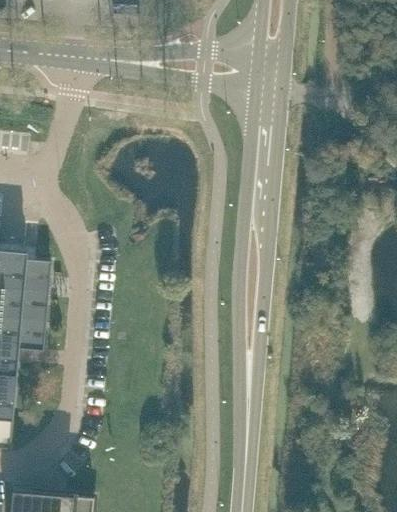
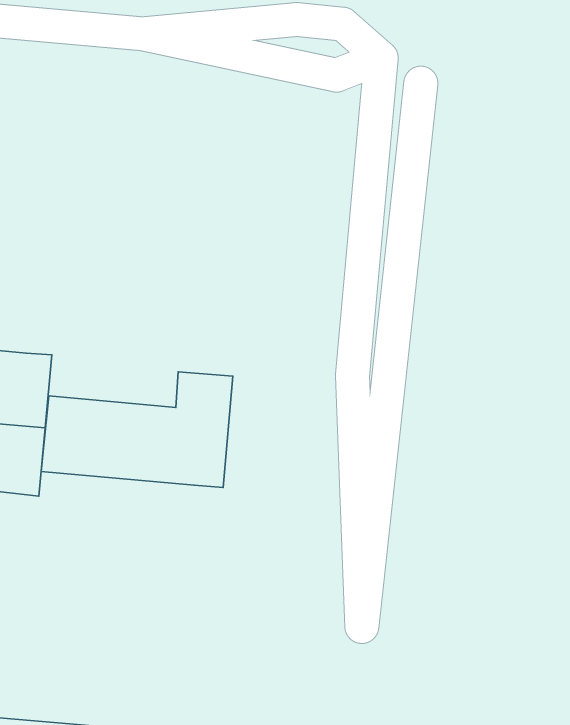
building: none -> [41,372,233,488]

